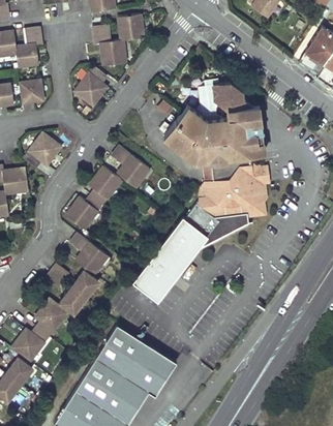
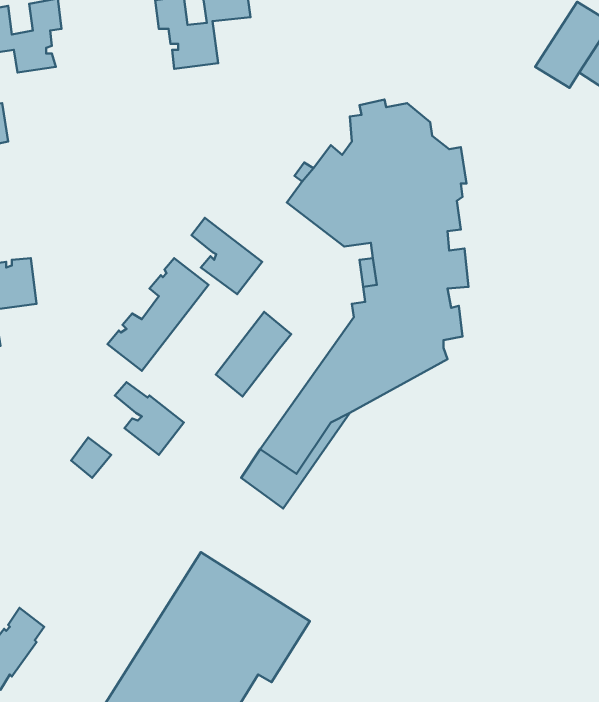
building: [73,66,107,104] -> none
building: [20,79,43,101] -> none
building: [24,131,61,165] -> none
building: none -> [216,312,291,397]
building: [12,270,97,360] -> none

